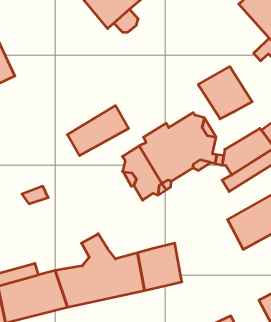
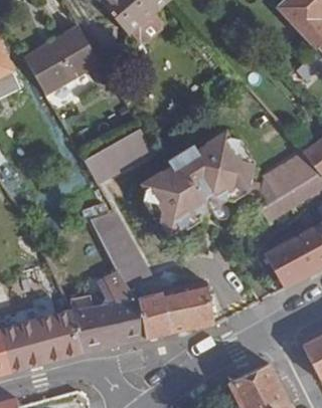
building: none -> [25,25,101,93]
building: [198,67,252,119] -> none
building: none -> [91,212,152,286]

